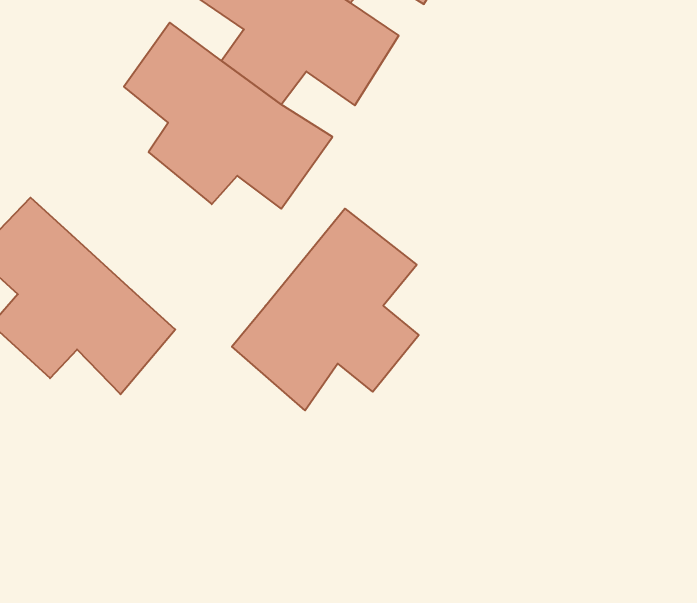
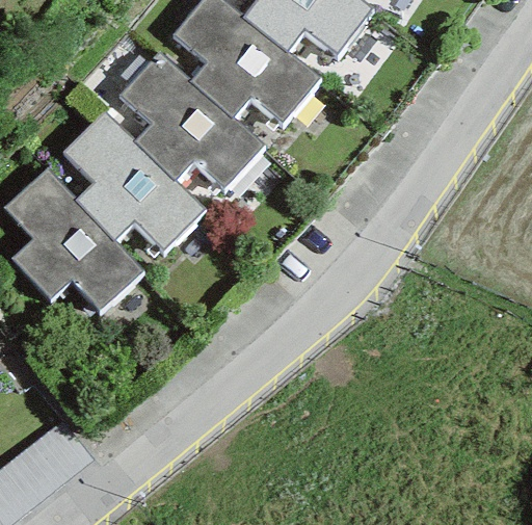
building: none -> [63,114,203,251]
building: [232,209,419,410] -> none

